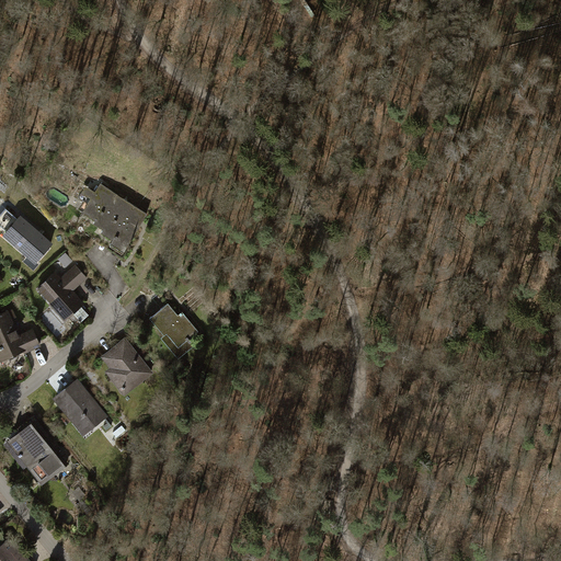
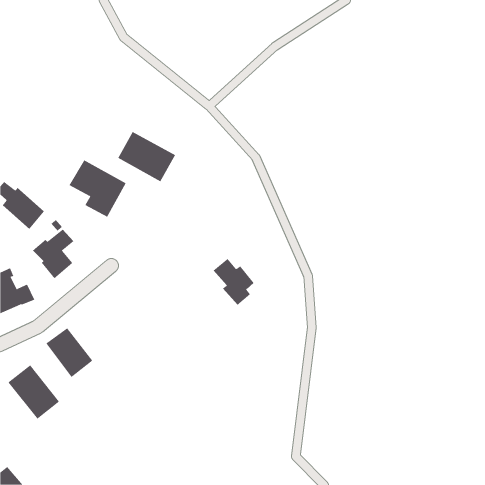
building: none -> [118,131,176,182]
building: [149,301,197,356] -> [213,258,255,305]
building: [95,340,151,397] -> none

